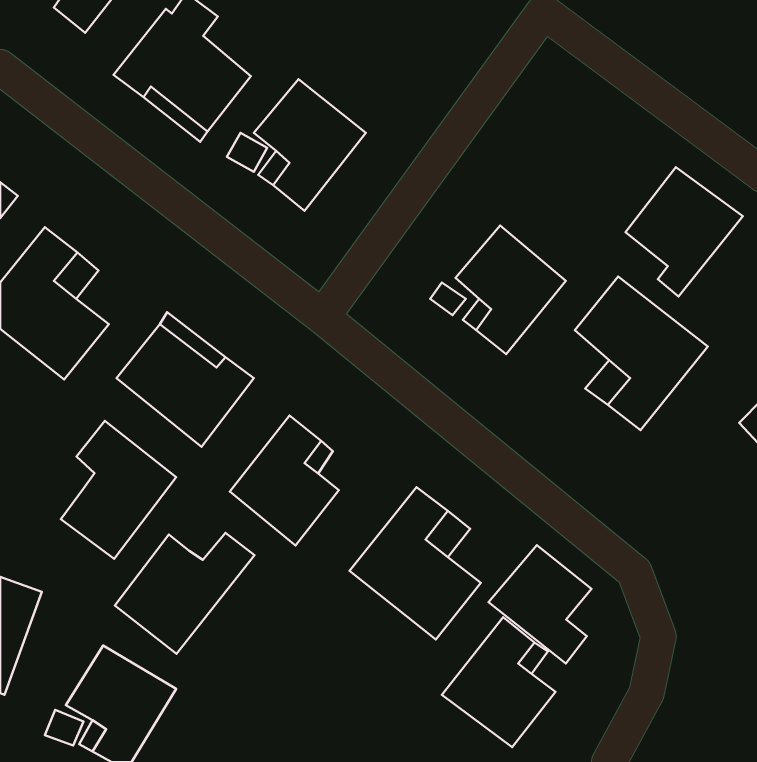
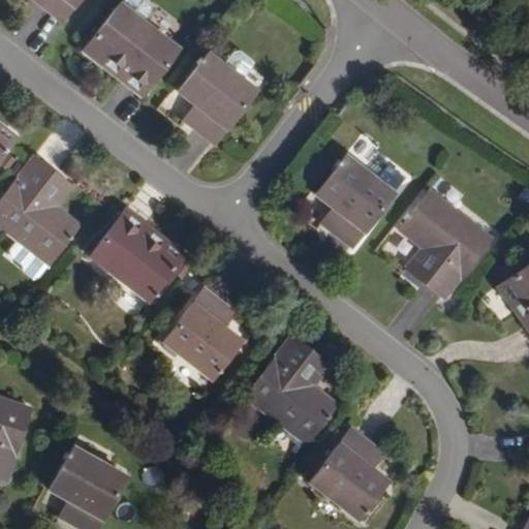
building: [625,167,743,296] -> none
building: [61,421,176,559] -> none
building: [115,533,255,654] -> none
building: [489,545,592,664] -> none

